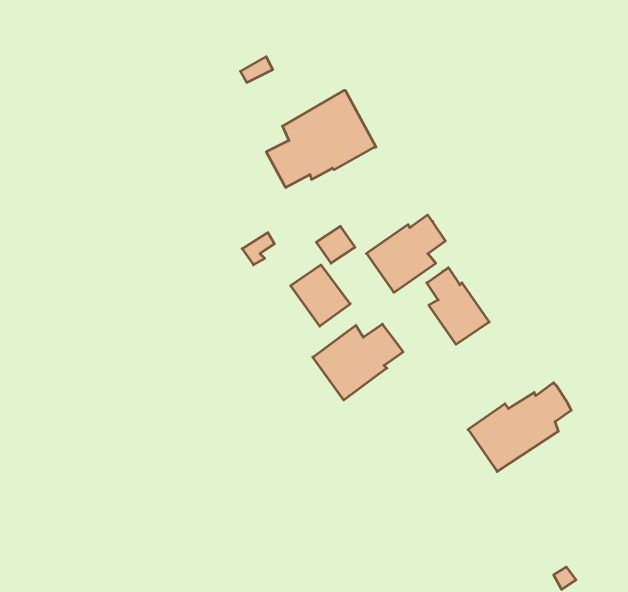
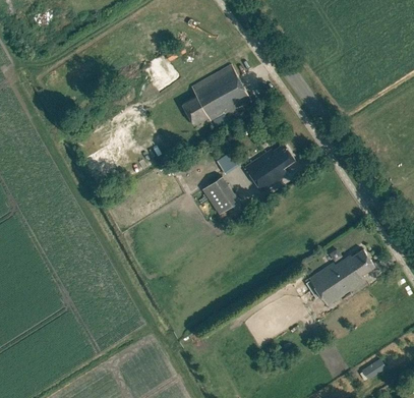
building: [427,268,489,344] -> none
building: [313,324,403,400] -> none

